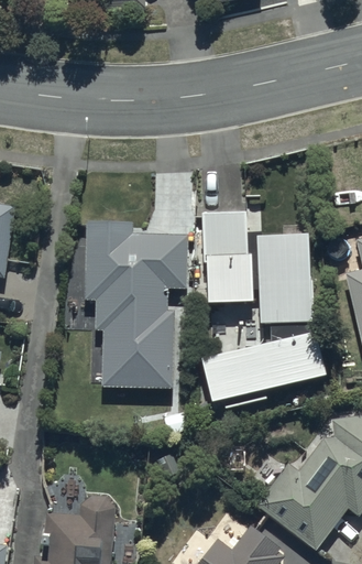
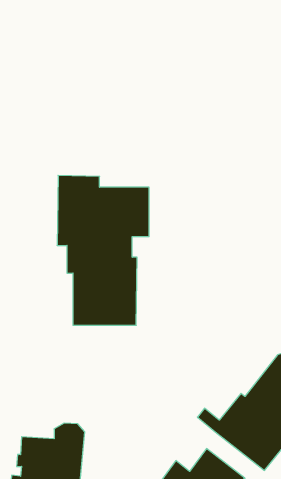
building: [201,212,253,303] -> none
building: [256,232,312,323] -> none
building: [200,330,326,409] -> none

